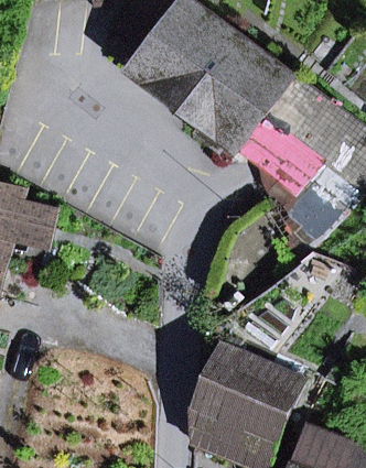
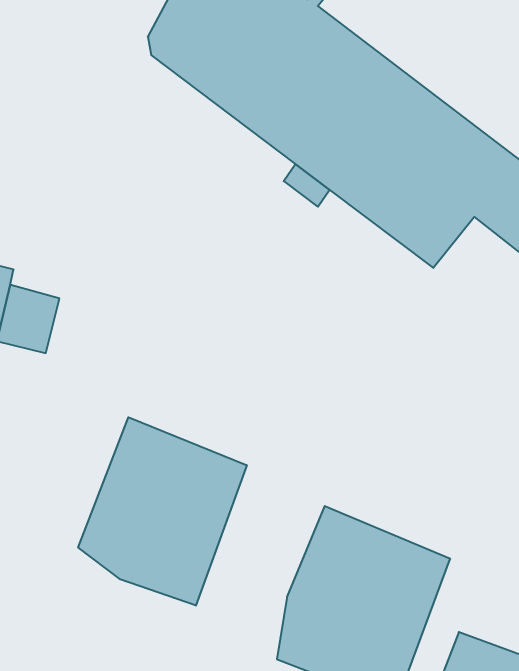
building: none -> [78,417,247,606]

